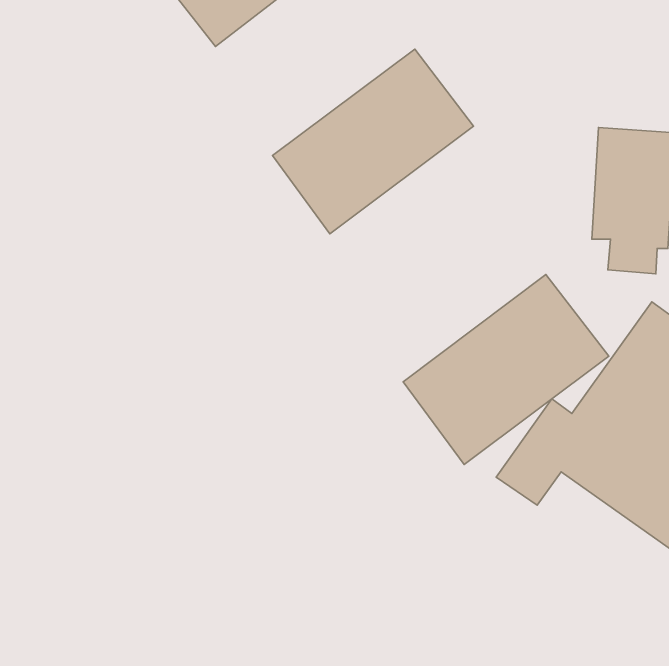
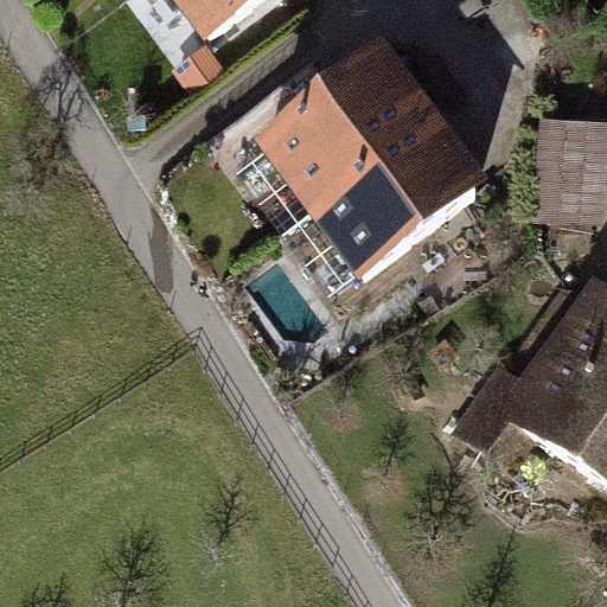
building: none -> [304,113,485,280]
building: [403,275,609,465] -> none

